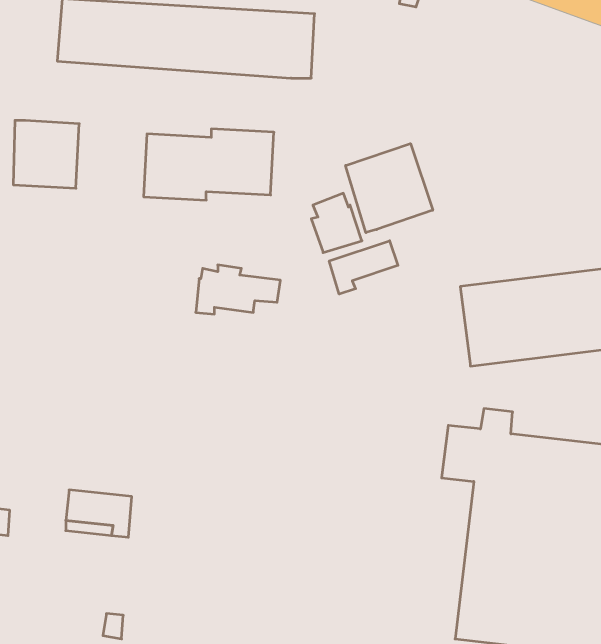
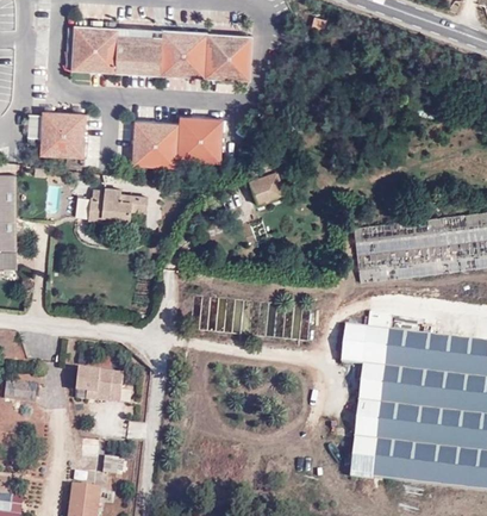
building: [346,144,433,233] -> none
building: [329,241,398,294] -> none
building: [196,265,280,314] -> [87,186,146,220]

